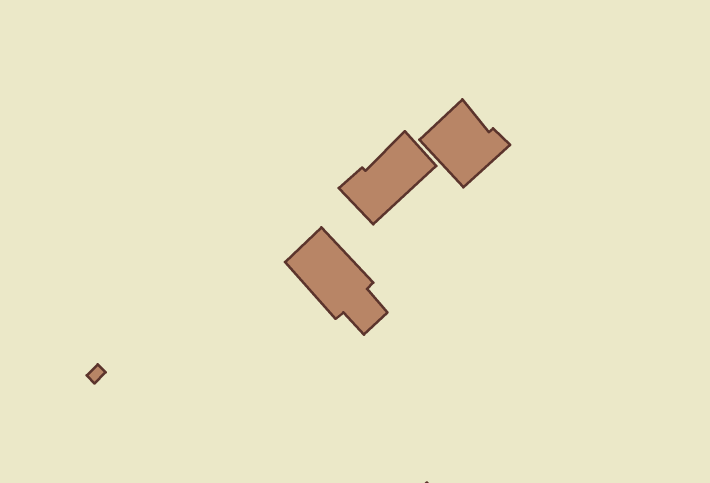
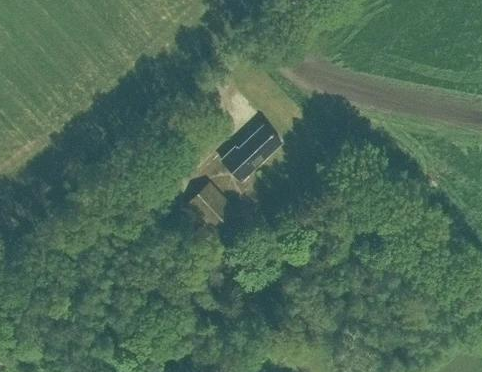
building: [419,99,510,187] -> none

